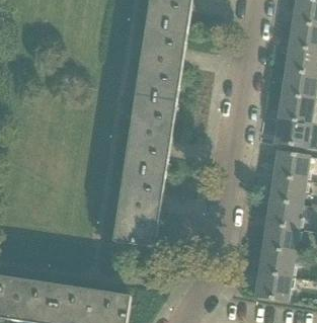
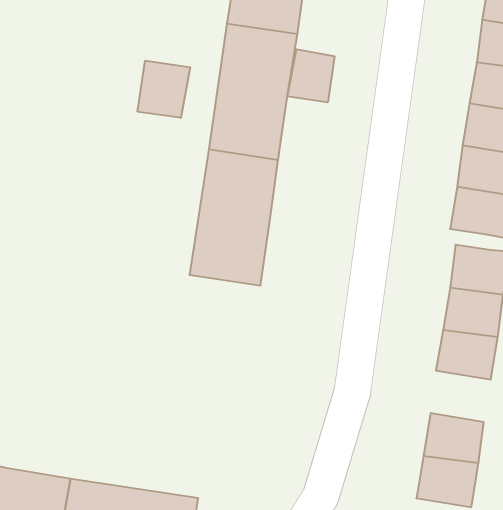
building: none -> [287,49,335,102]
building: none -> [138,61,190,118]
building: [114,167,166,246] -> none
building: [263,222,298,251] -> none

